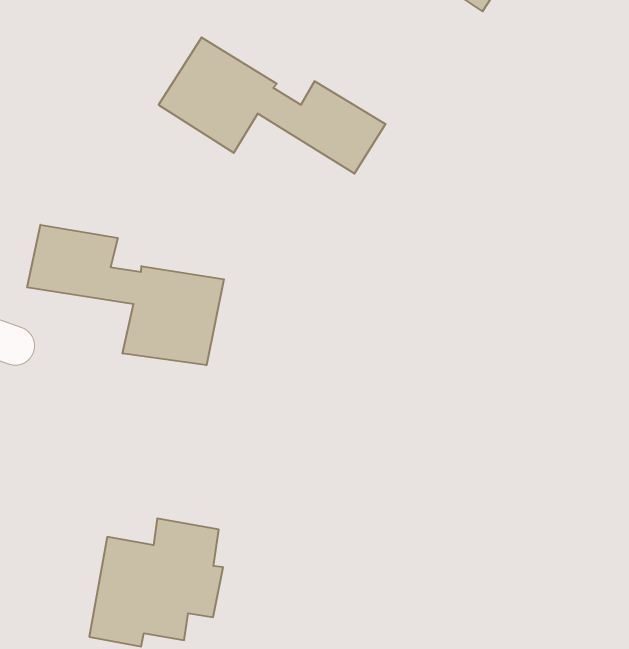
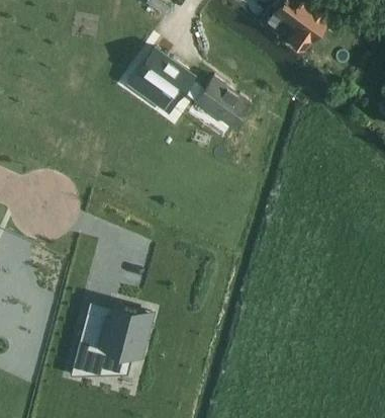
building: [27,225,224,365] -> none

